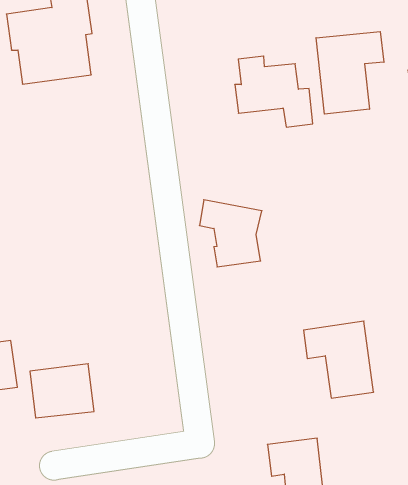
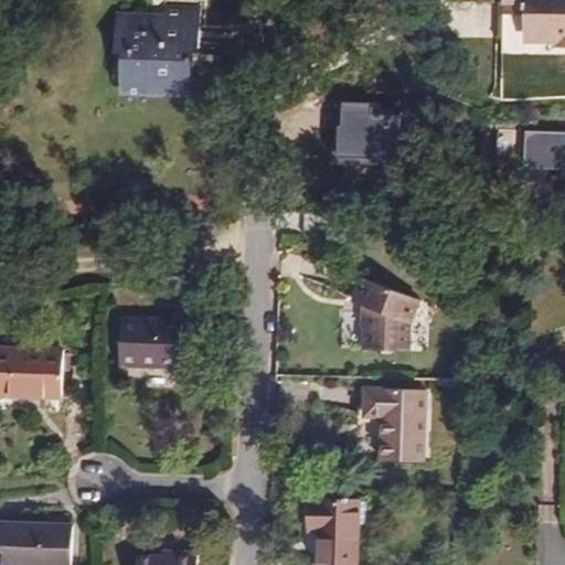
building: [316,32,384,114] -> none
building: [199,200,262,267] -> [352,279,418,351]
building: [30,364,94,418] -> [118,318,181,370]

